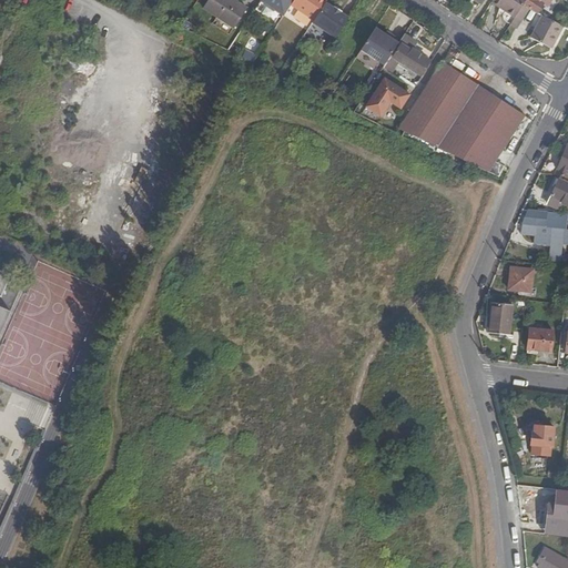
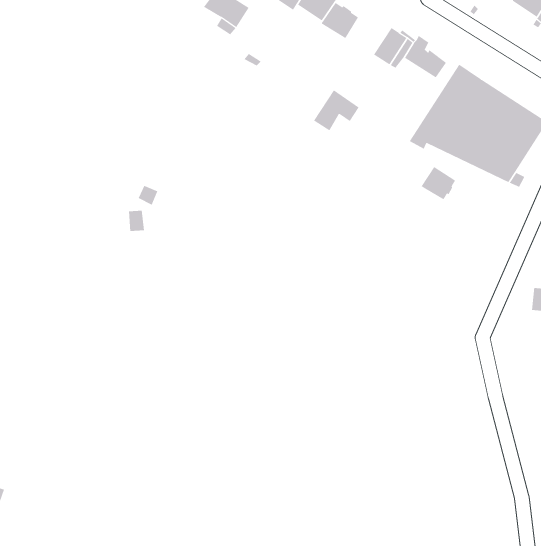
building: [365,77,408,115] -> [313,90,360,131]
building: none -> [421,166,456,200]
building: [489,303,513,334] -> none

